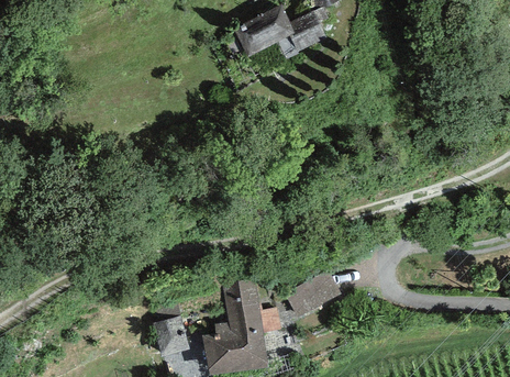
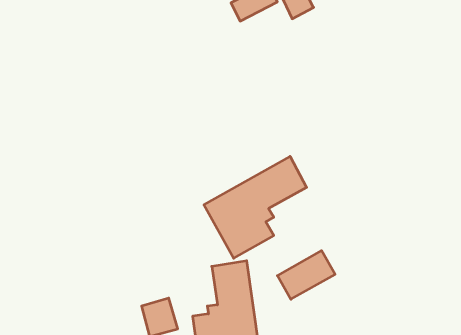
building: none -> [204,156,307,258]

